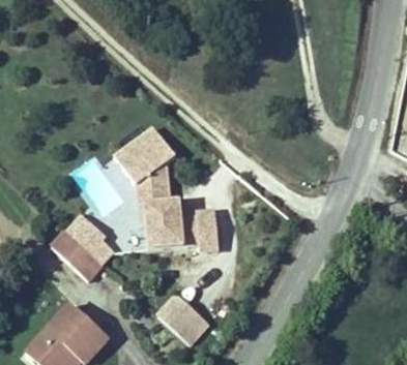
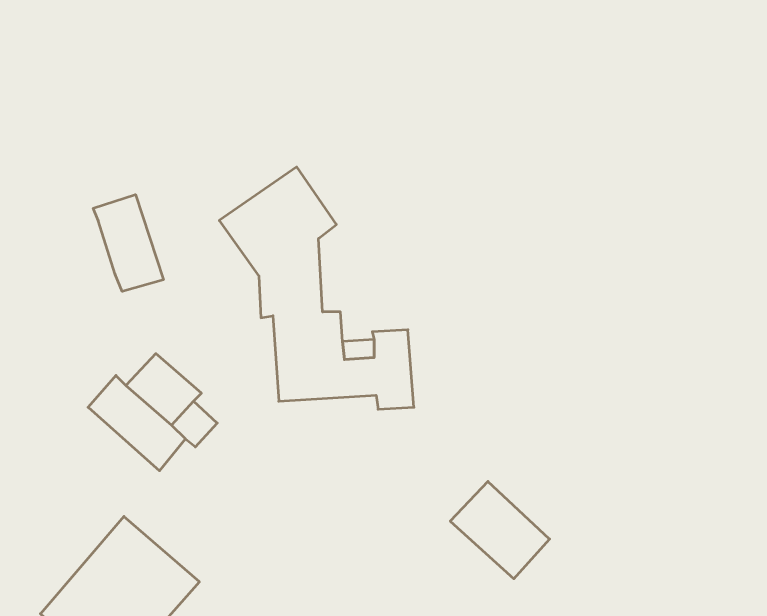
building: none -> [93,195,163,291]
building: [157,296,209,346] -> [450,481,550,579]

